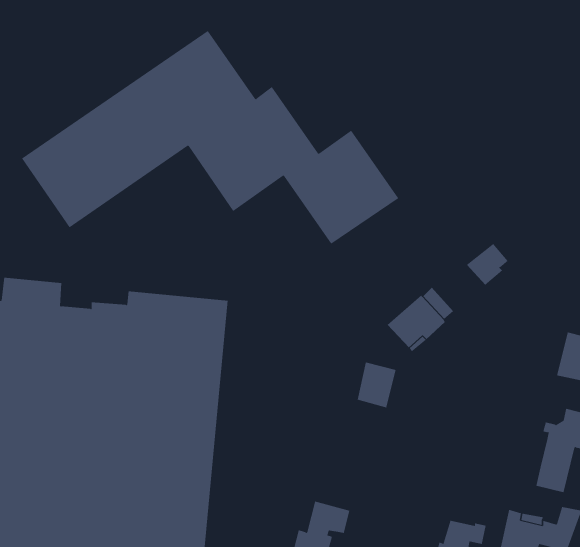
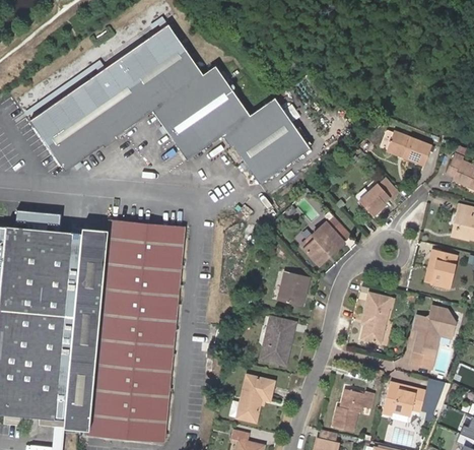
building: none -> [387,131,431,166]
building: none -> [361,295,394,343]
building: none -> [260,317,294,365]

